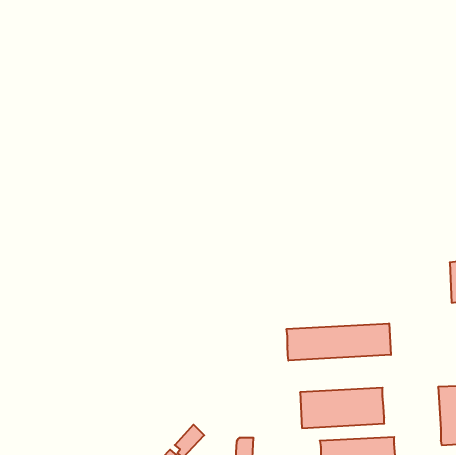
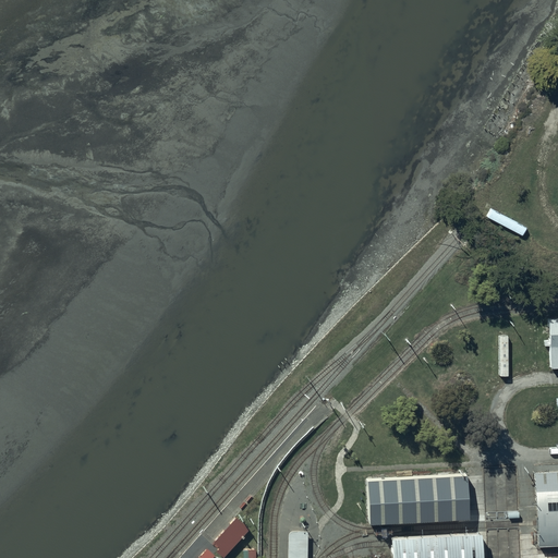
building: [287,323,391,361] -> none

